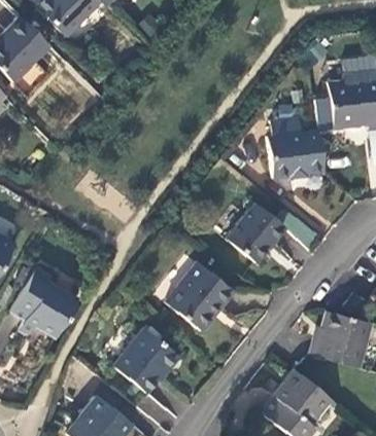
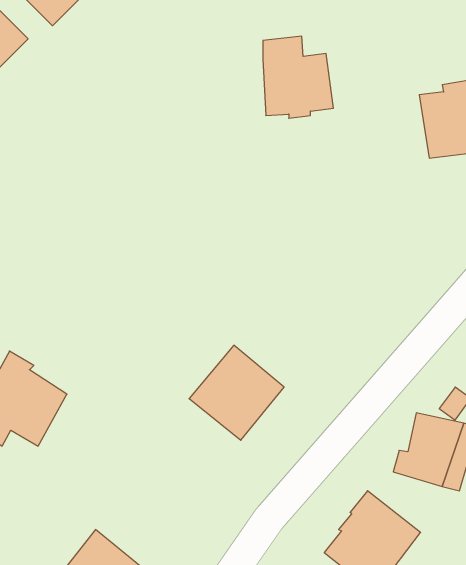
building: [273,120,323,179] -> [263,36,333,118]
building: [227,201,284,260] -> none
building: [114,325,178,390] -> none

